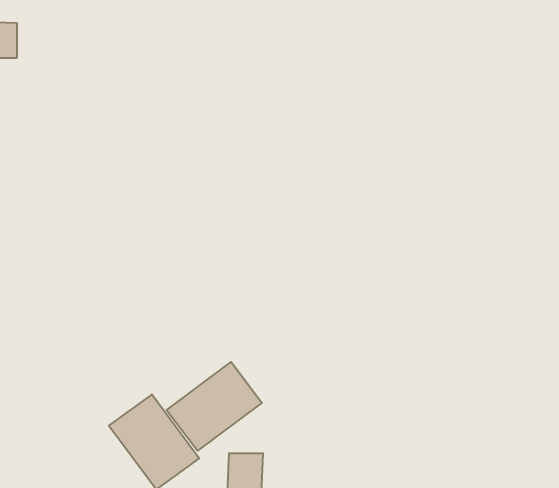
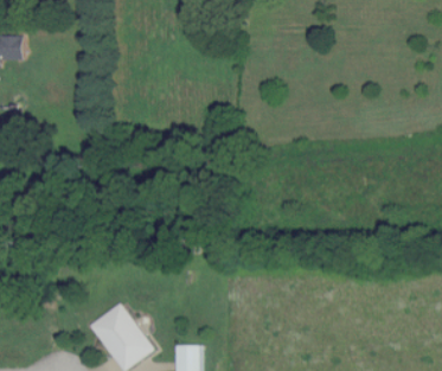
building: [167,362,262,451] -> none

